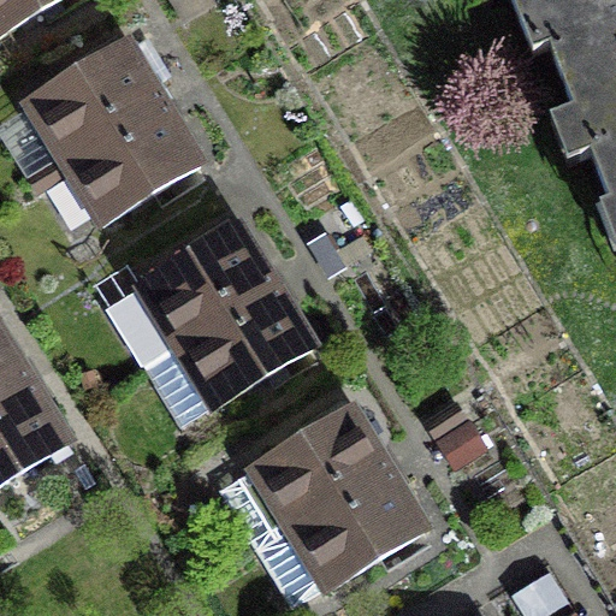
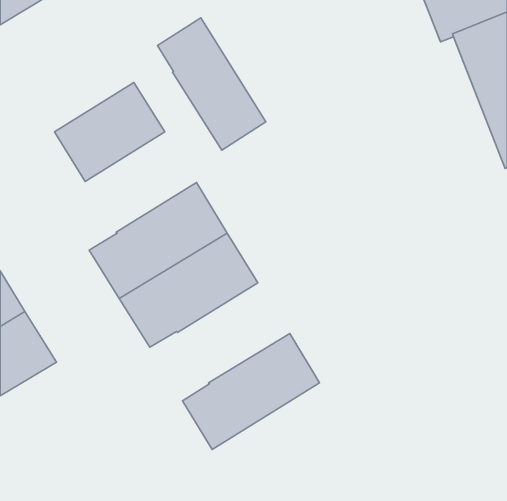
building: none -> [157,18,266,150]
building: [28,38,162,160] -> none
building: [257,464,426,602] -> none

